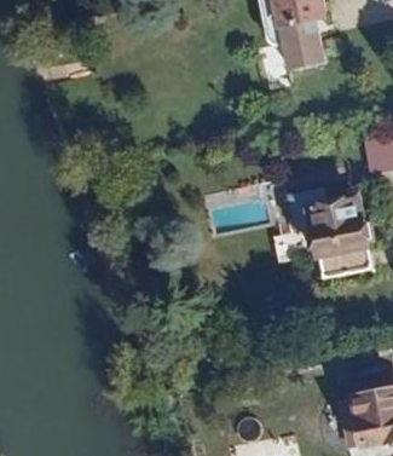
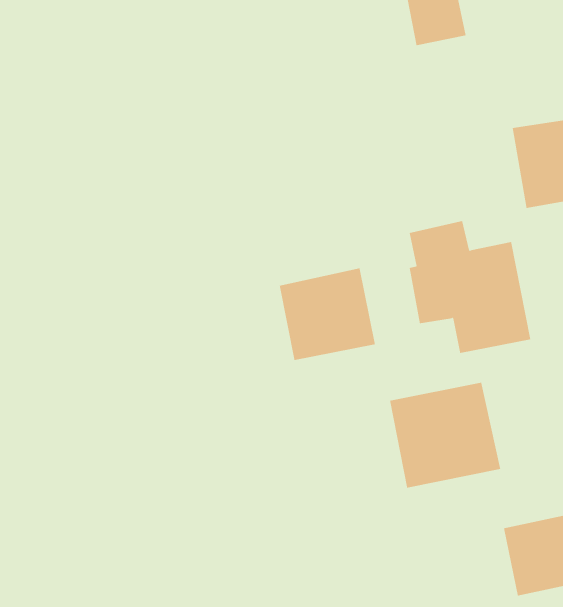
building: none -> [279,268,375,361]
building: none -> [389,382,501,488]

